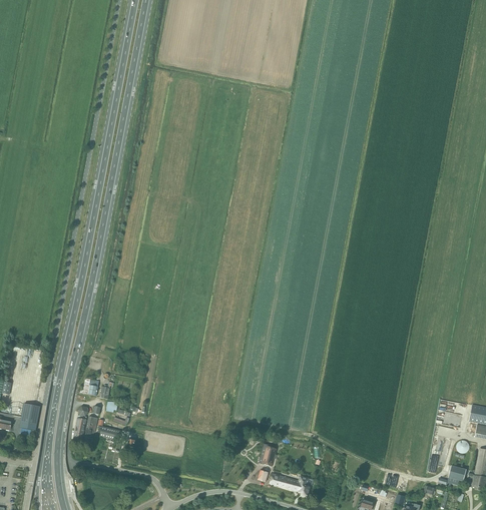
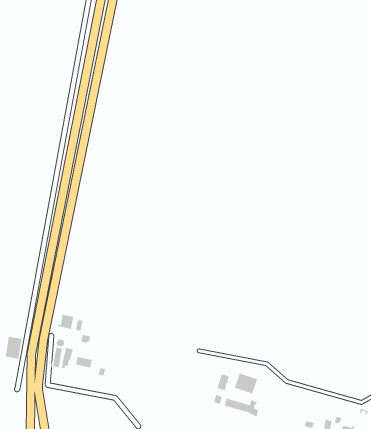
building: none -> [234,372,258,395]

